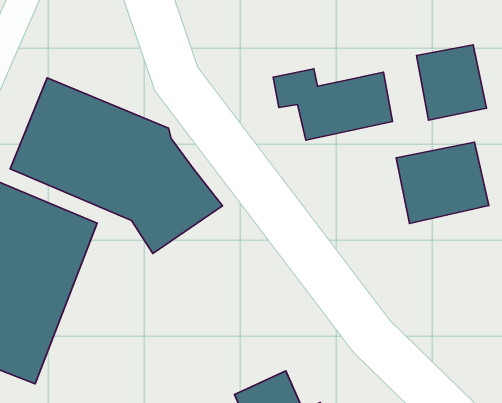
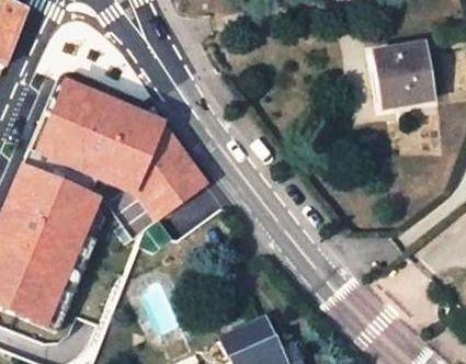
building: [273,69,393,140] -> none
building: [396,142,489,223] -> none

